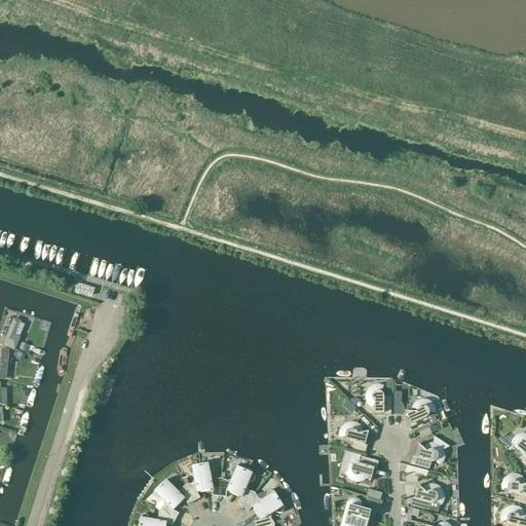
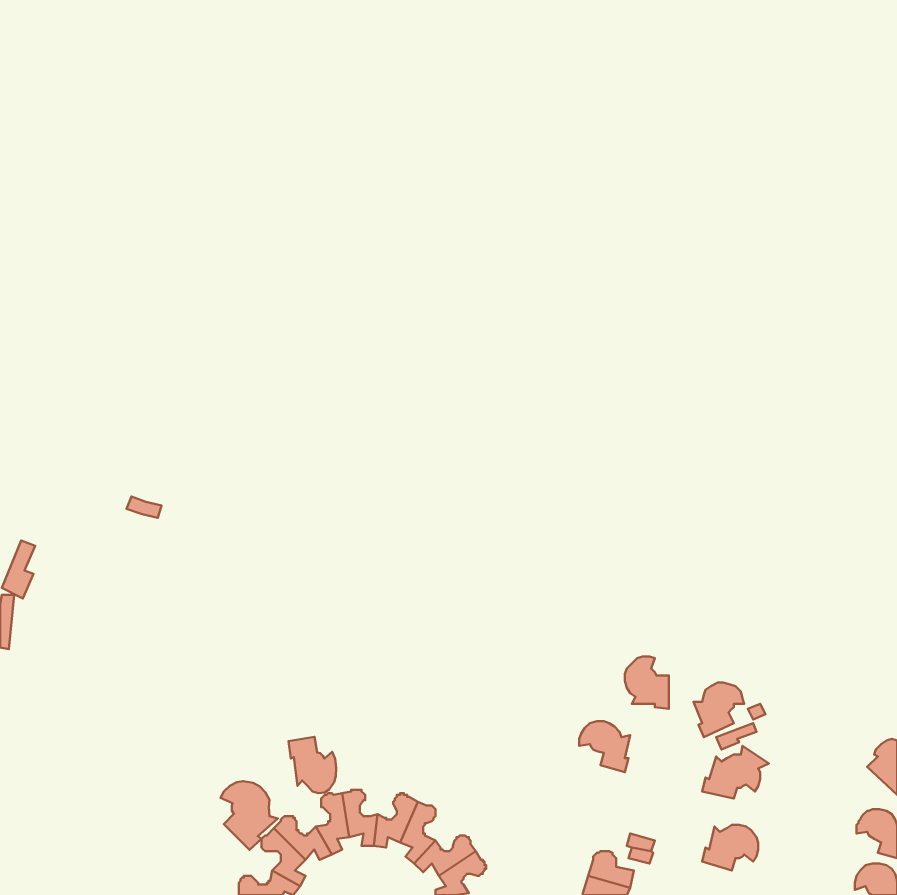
building: none -> [289,737,336,793]
building: [345,456,378,481] -> none
building: none -> [220,781,278,850]

